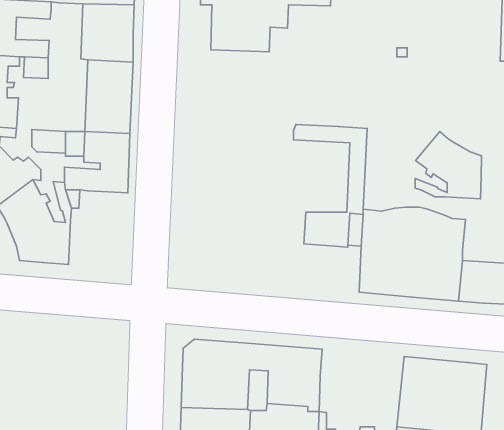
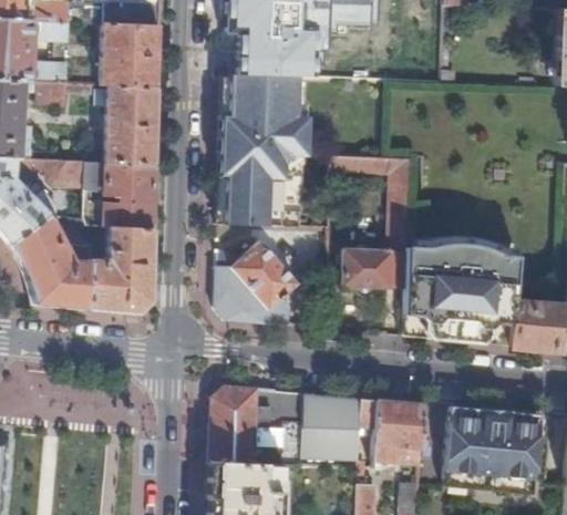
building: none -> [218,72,311,227]
building: [415,131,481,199] -> none
building: none -> [87,226,152,311]
building: none -> [215,240,297,325]
building: none -> [360,398,423,467]

